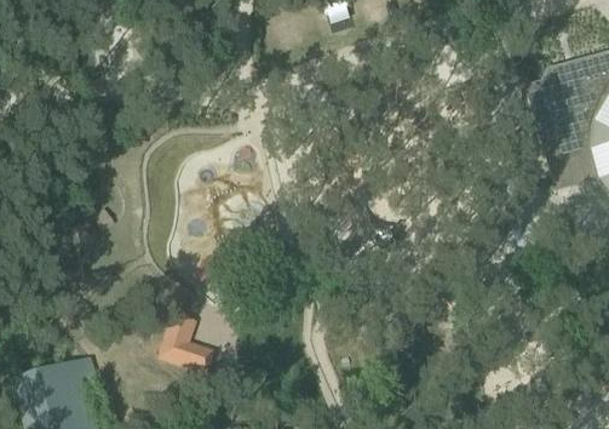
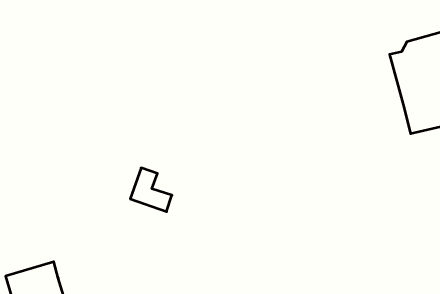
building: [168,314,224,372] -> [130,168,172,212]

